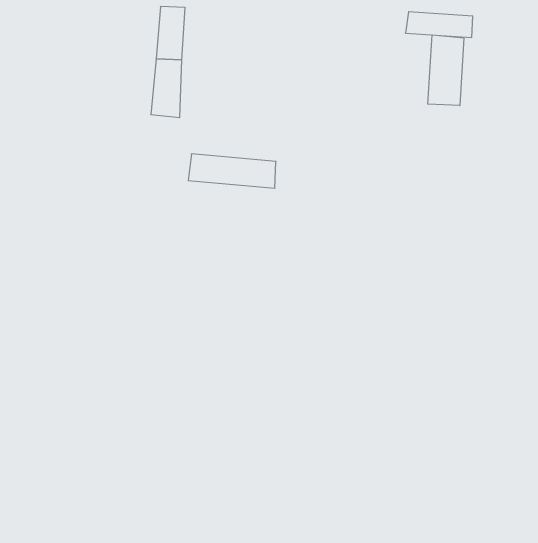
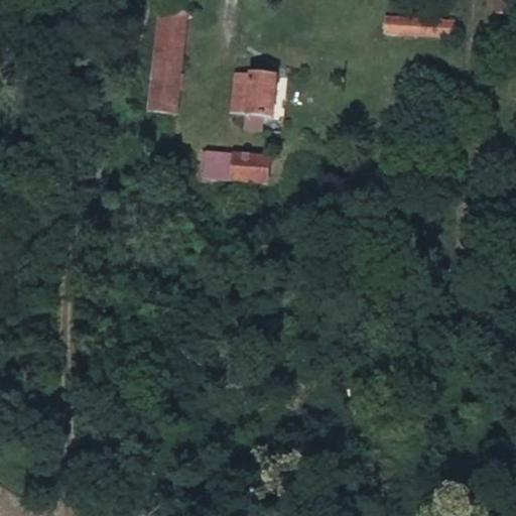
building: [428,35,464,106] -> none
building: none -> [232,74,275,129]

